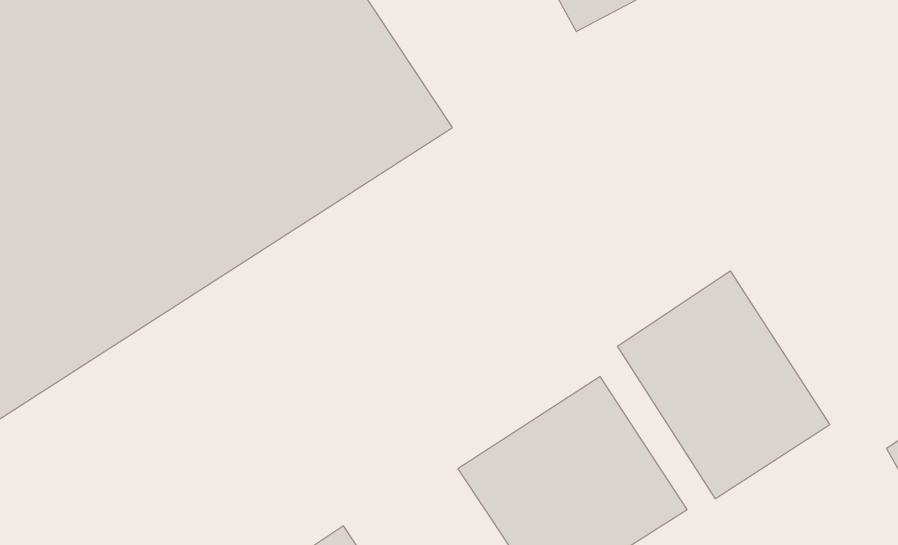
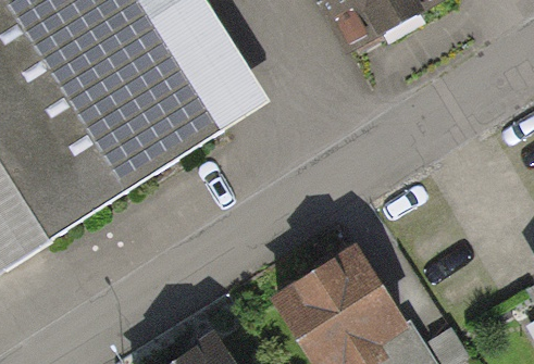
building: [618,271,830,499] -> none

